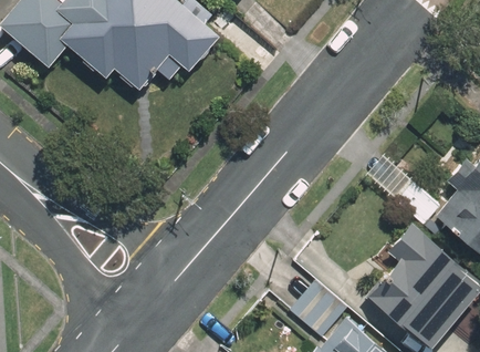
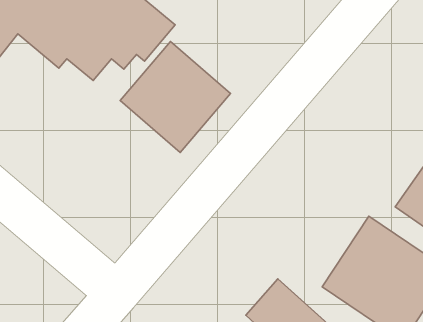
building: none -> [120,41,231,152]

